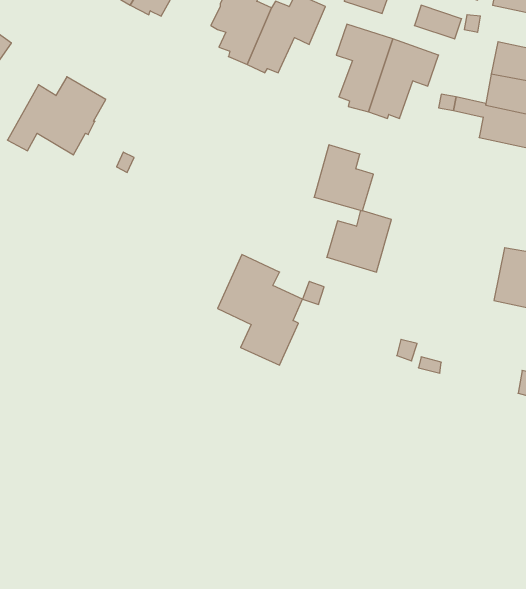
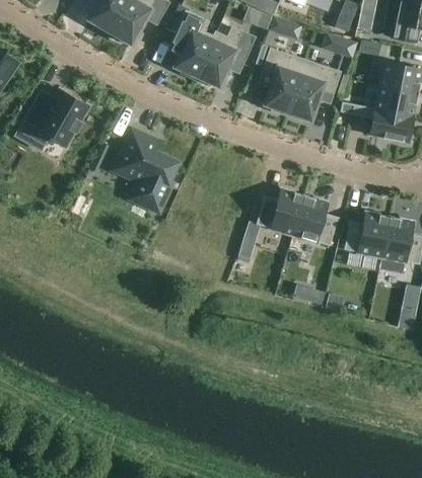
building: [314,145,373,211] -> [292,195,337,245]
building: none -> [343,212,389,256]
building: [218,255,302,365] -> [112,129,175,212]

